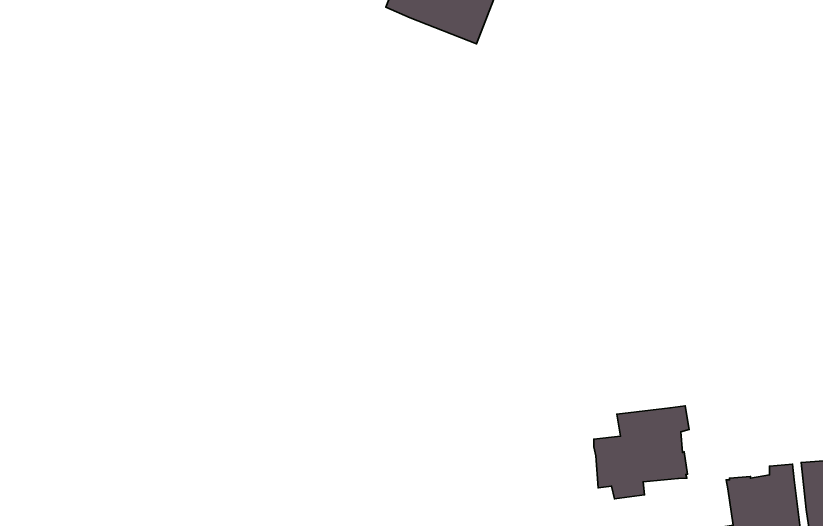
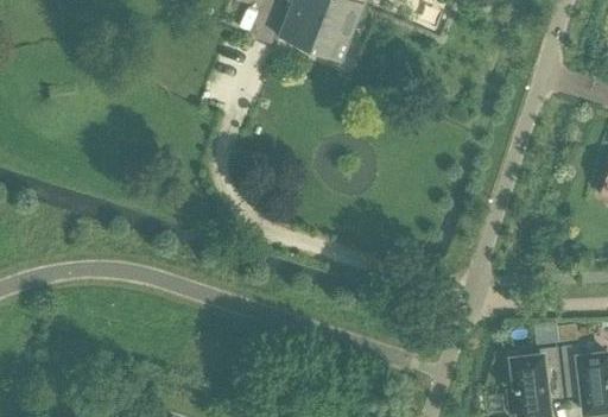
building: [594,406,689,499] -> none

